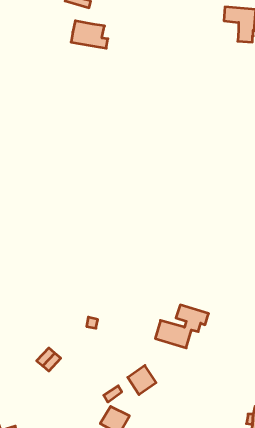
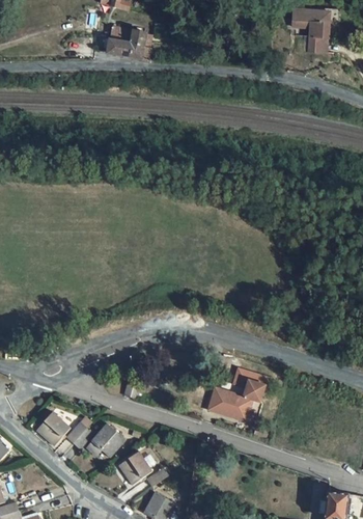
building: none -> [35,411,71,446]
building: none -> [90,422,125,458]
building: [128,365,156,395] -> [118,450,152,486]

